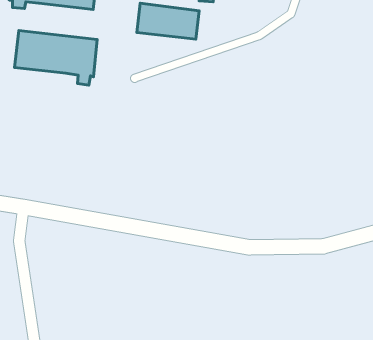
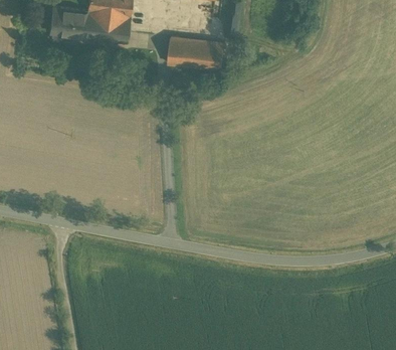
building: [14,31,97,85] -> none

